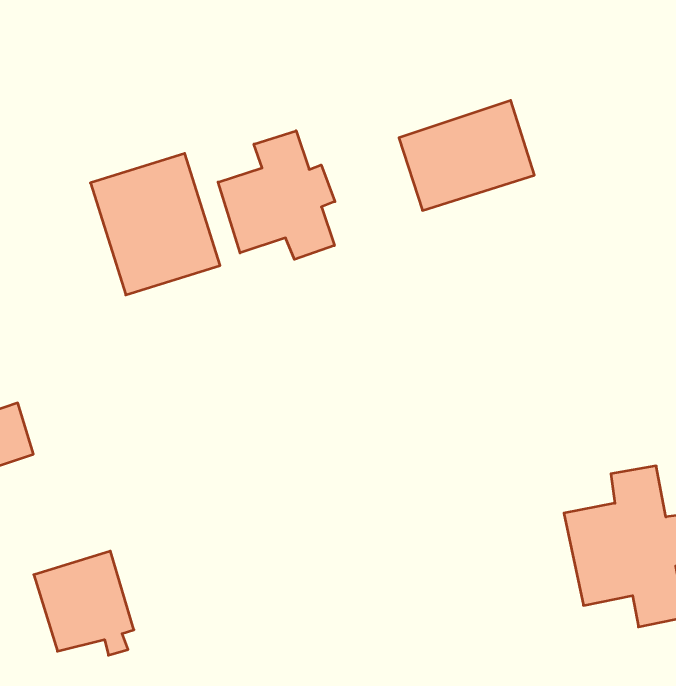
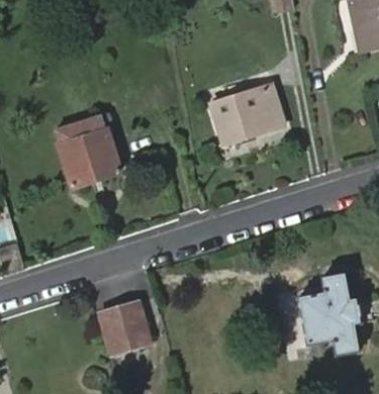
building: [218,131,335,259] -> none
building: [34,551,134,655] -> [98,303,150,357]

